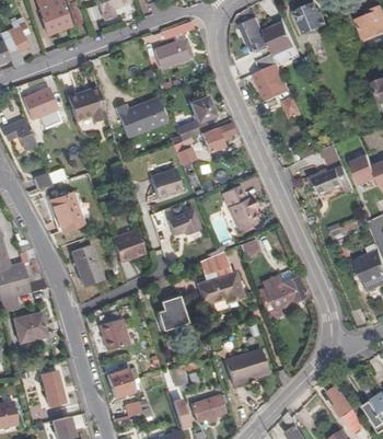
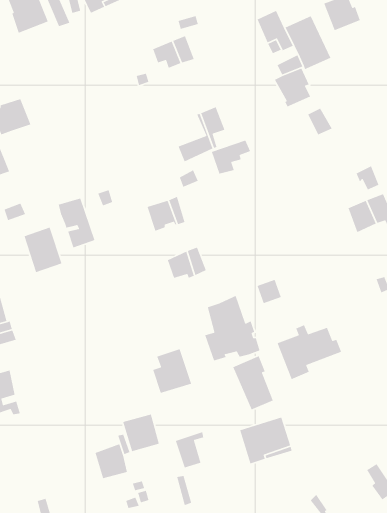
building: [67,86,107,124] -> none
building: [115,97,166,137] -> none
building: [220,186,256,232] -> none
building: [112,234,146,269] -> none
building: [73,245,104,287] -> [58,198,95,248]
building: none -> [232,355,274,411]
building: [98,319,129,350] -> [122,413,160,452]
building: [39,369,65,407] -> none
building: [190,395,224,420] -> none

